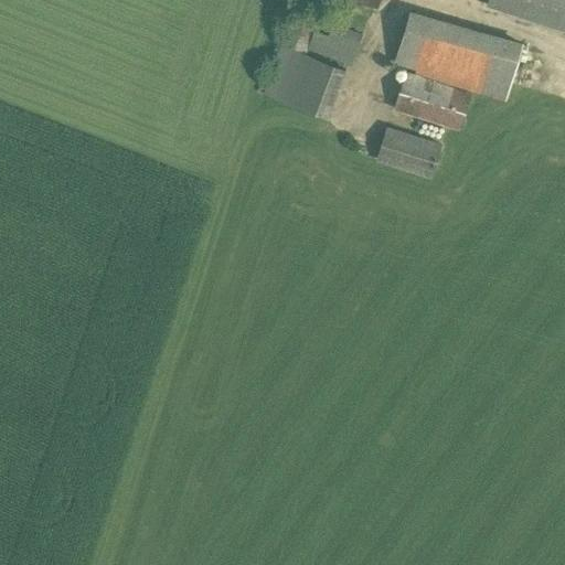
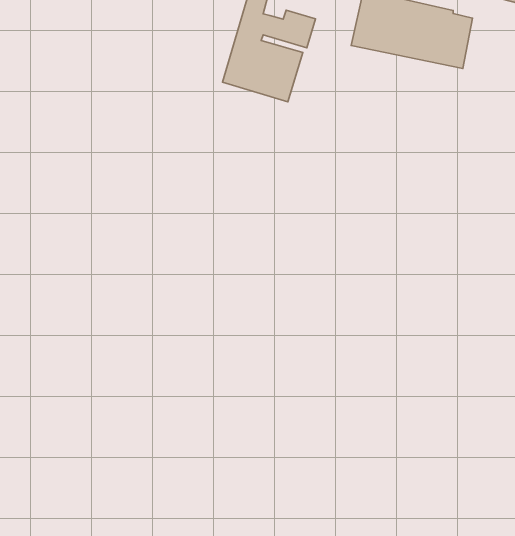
building: [394,72,472,130] -> none
building: [376,127,443,179] -> none

